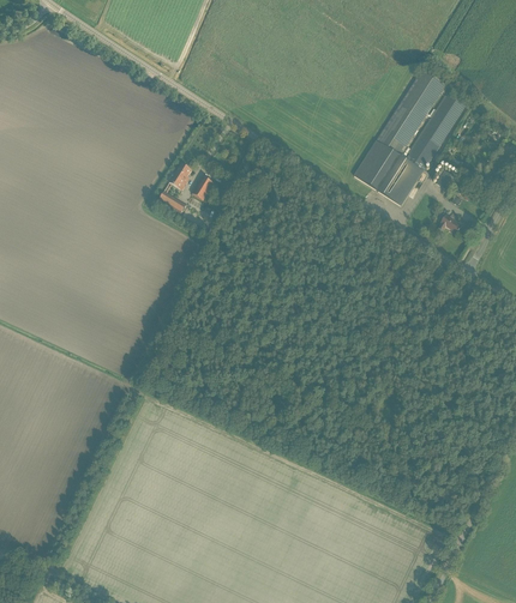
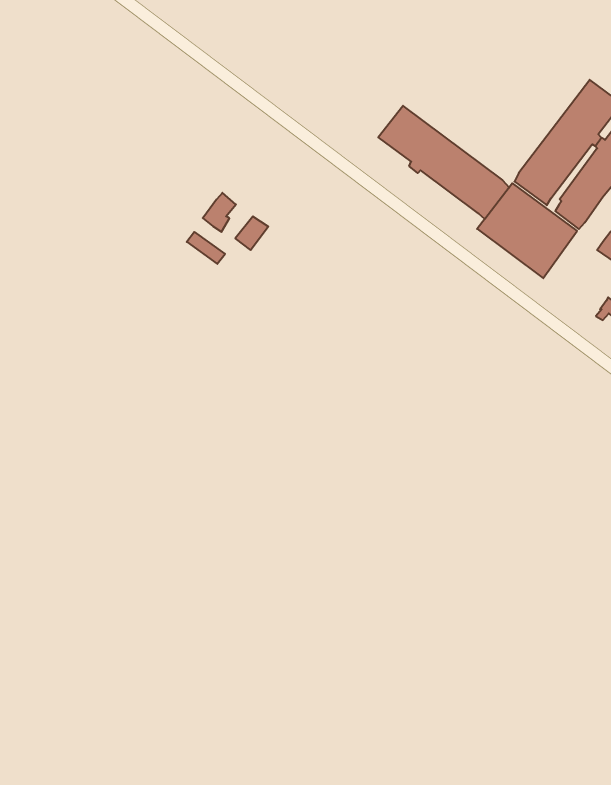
building: none -> [378,106,509,219]

